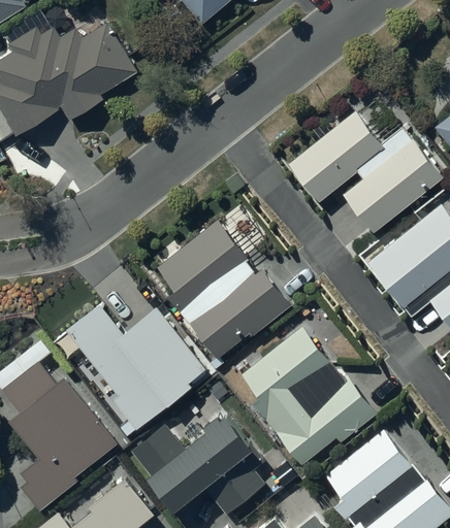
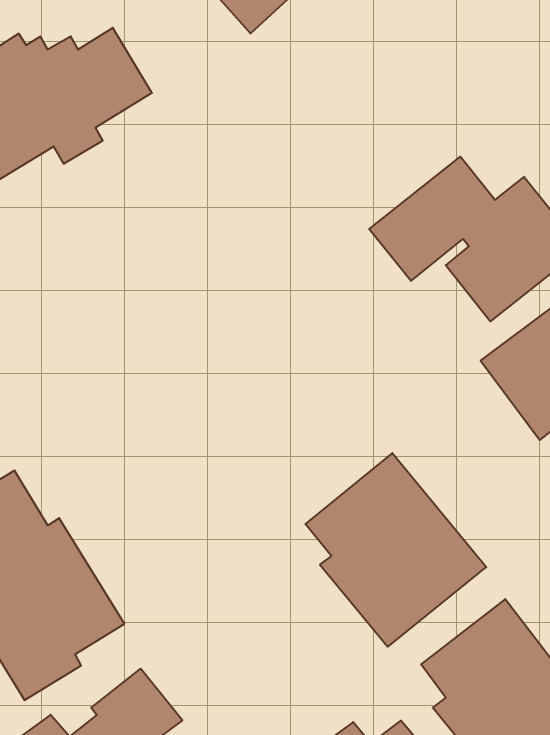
building: [156,220,290,359] -> none
building: [63,300,205,426] -> none
building: [129,419,262,516] -> none

